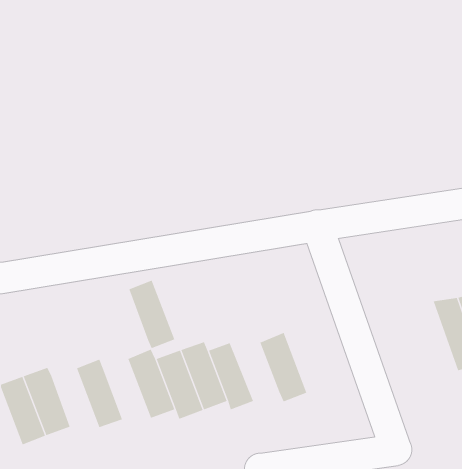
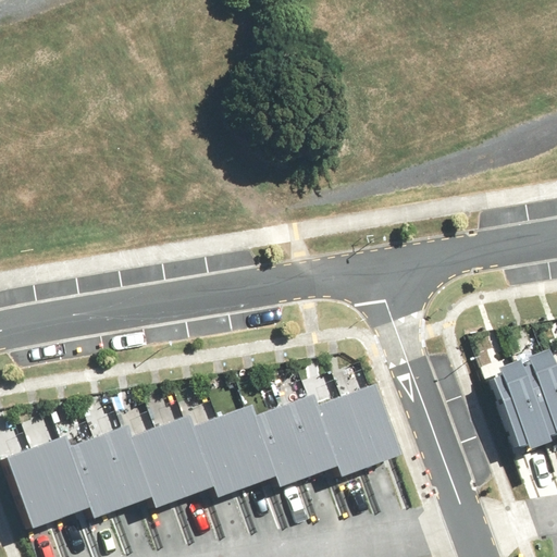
building: [128,280,175,349] -> [131,425,186,507]
building: none -> [491,357,550,444]
building: none -> [345,384,400,466]
building: none -> [281,394,338,475]
building: none -> [70,436,125,518]

